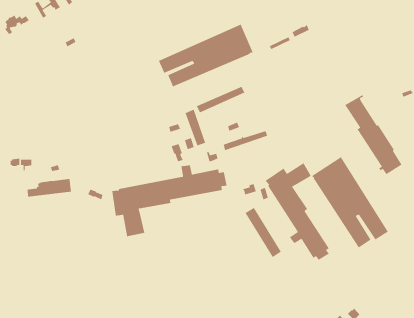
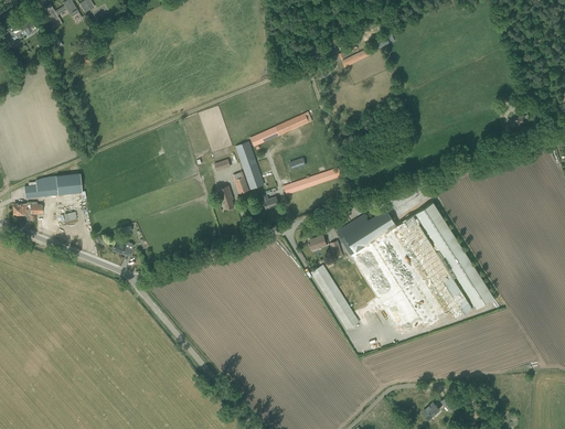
building: [158,24,254,88] -> none
building: [344,94,403,175] -> [373,227,447,330]
building: [111,164,227,237] -> none
building: [27,178,72,197] -> [24,174,82,199]

